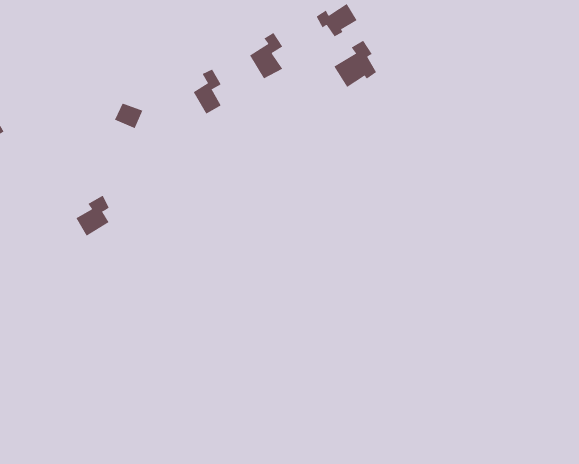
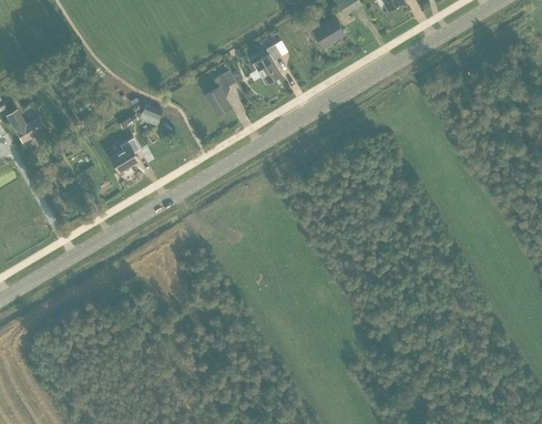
building: [334,40,377,88] -> none
building: [76,195,110,237] -> [110,137,139,173]

